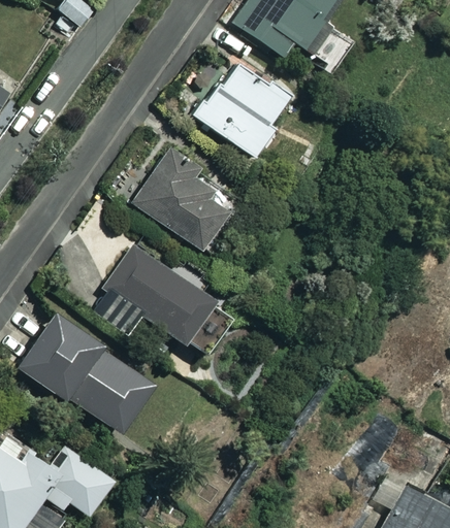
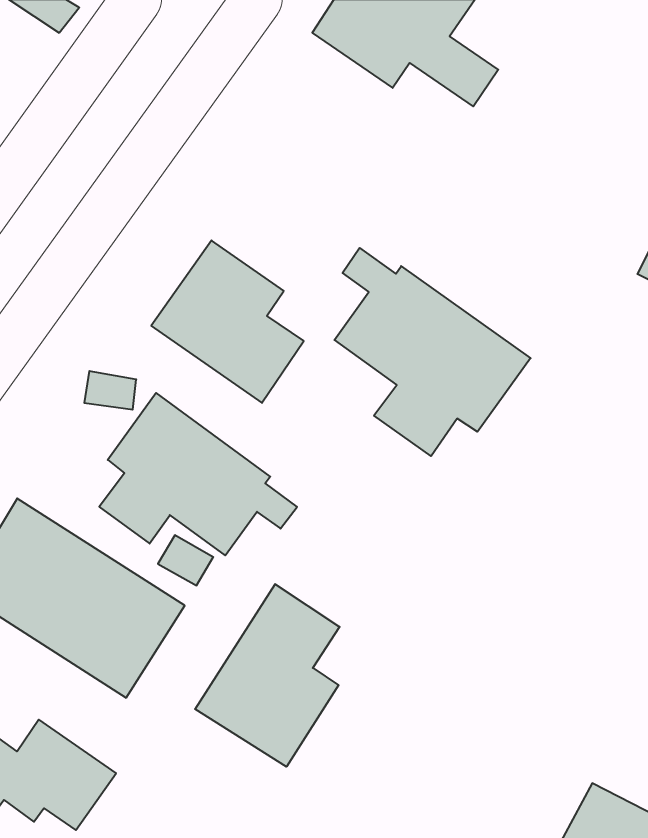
building: [192,59,290,157] -> none
building: none -> [334,248,531,456]
building: none -> [195,584,340,767]

